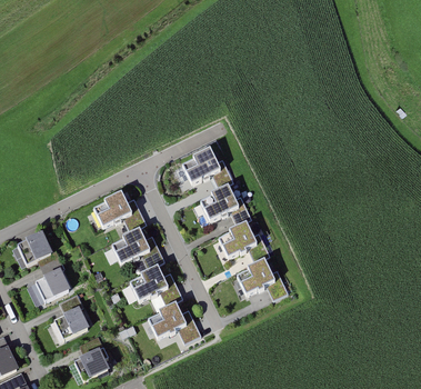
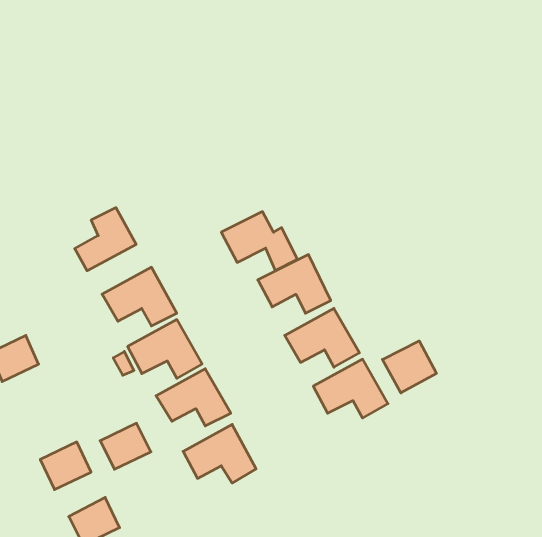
building: none -> [75,208,136,271]
building: none -> [382,341,436,393]
building: [32,272,68,305] -> [100,423,151,469]

